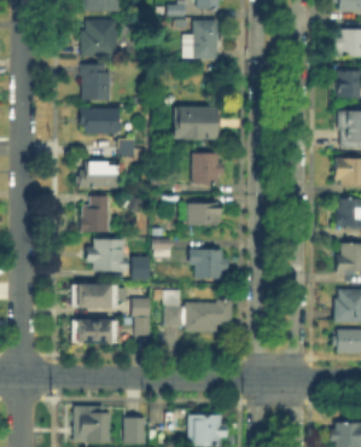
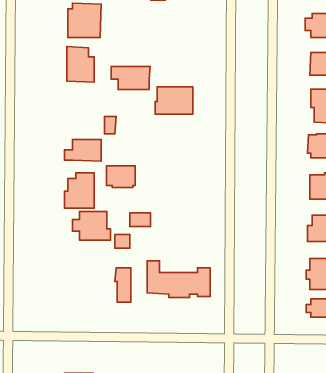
building: [185,22,219,58] -> none
building: [78,109,120,133] -> [111,67,150,89]
building: [191,153,221,181] -> none
building: [187,203,217,226] -> [106,166,135,188]
building: [188,250,226,278] -> none
building: [71,285,116,309] -> none
building: [70,320,115,344] -> none

